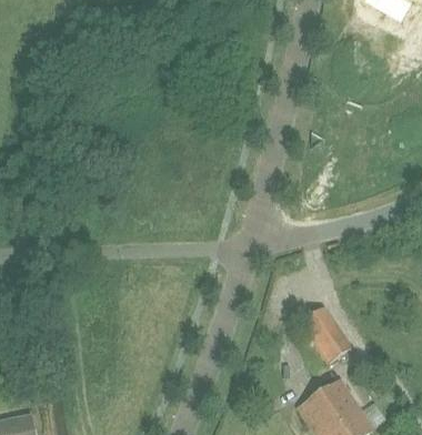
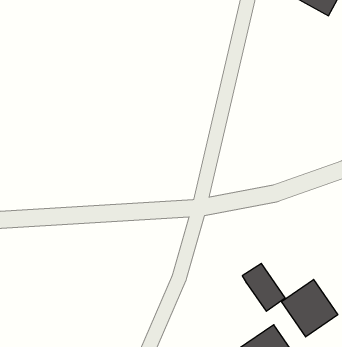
building: none -> [281,279,338,337]

